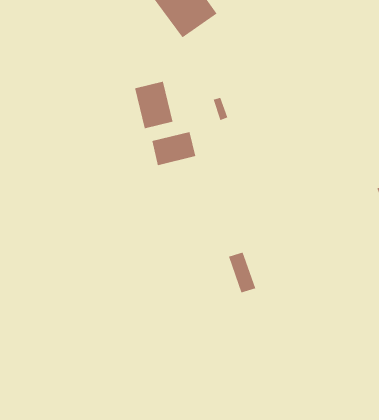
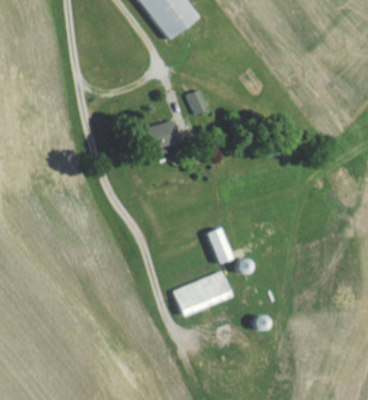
building: [134,81,173,129] -> none
building: none -> [173,271,233,315]

